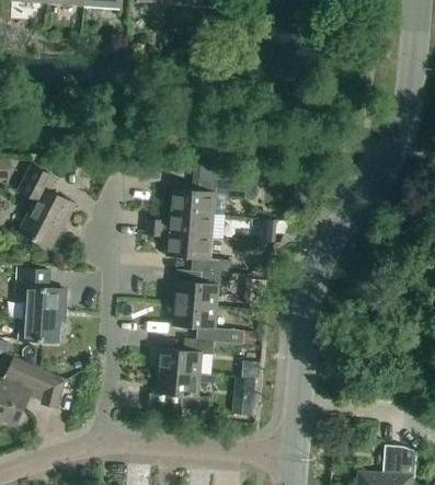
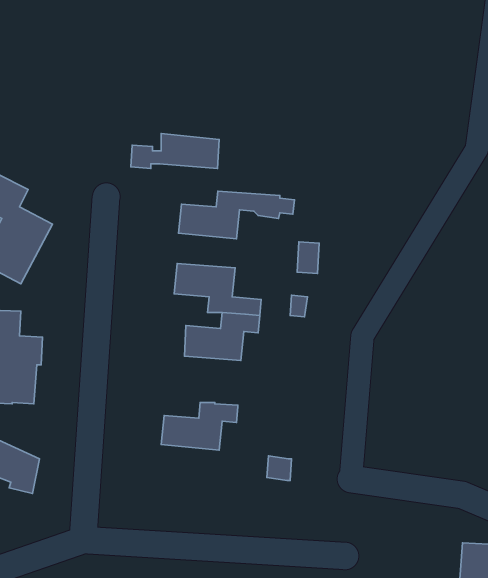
building: [147,210,214,236] -> [131,134,219,168]
building: [172,303,243,344] -> none
building: [156,370,209,411] -> none

